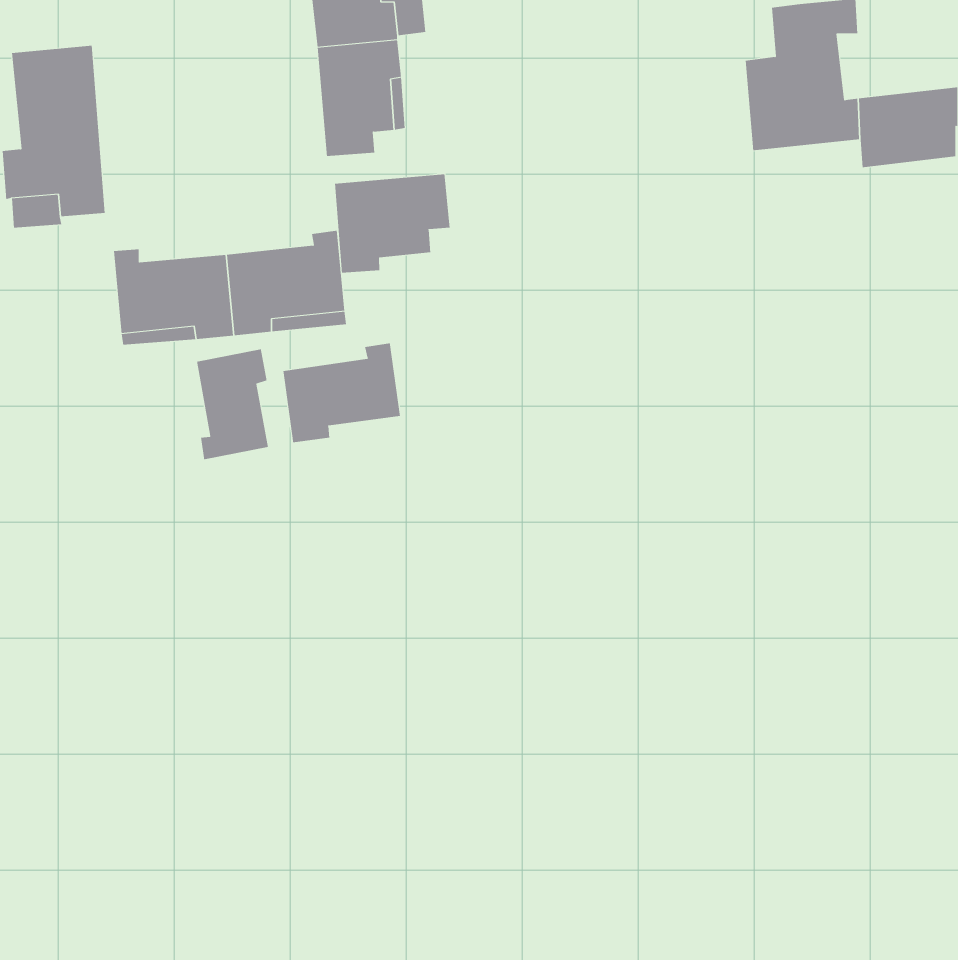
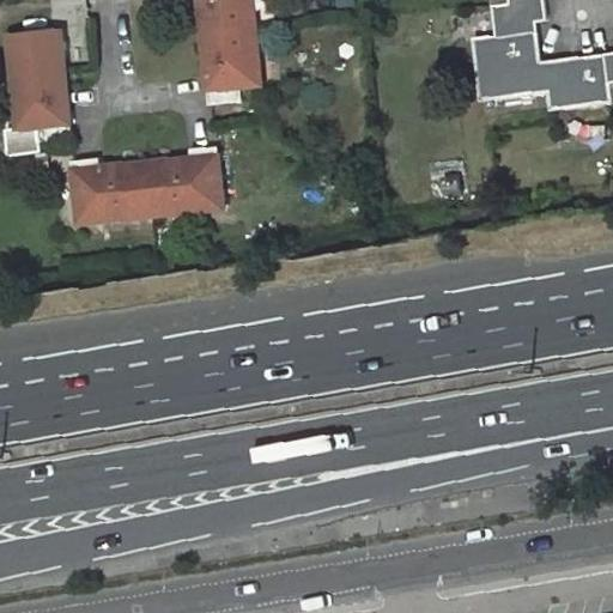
building: [334,174,450,274] -> none
building: [283,342,401,443] -> none
building: [197,348,268,460] -> none

